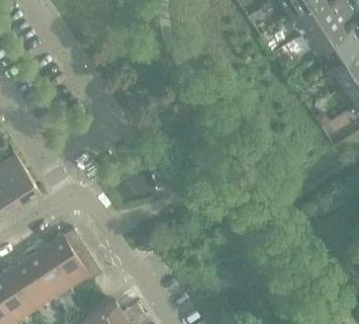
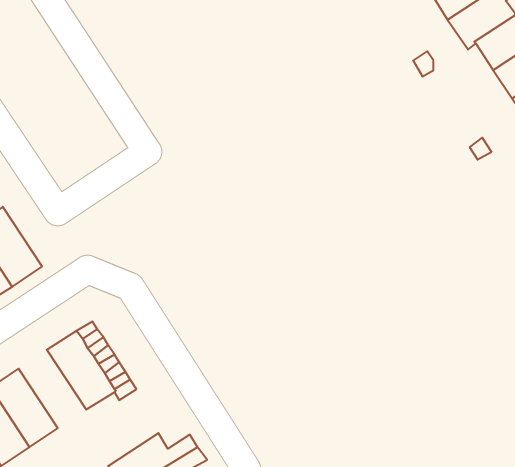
building: [25,246,69,297] -> none

